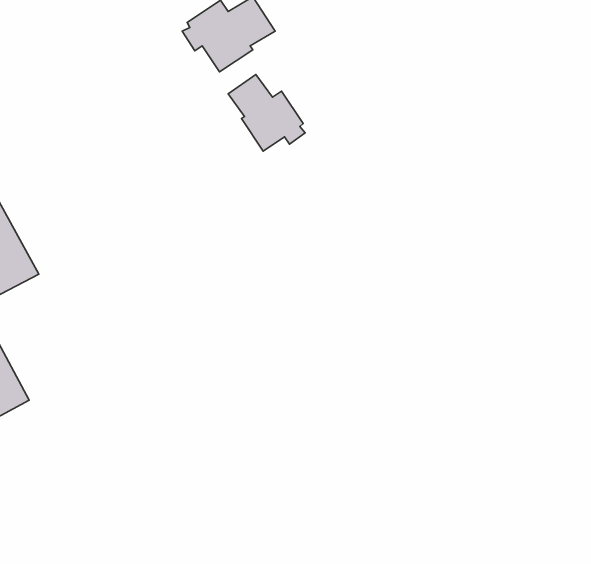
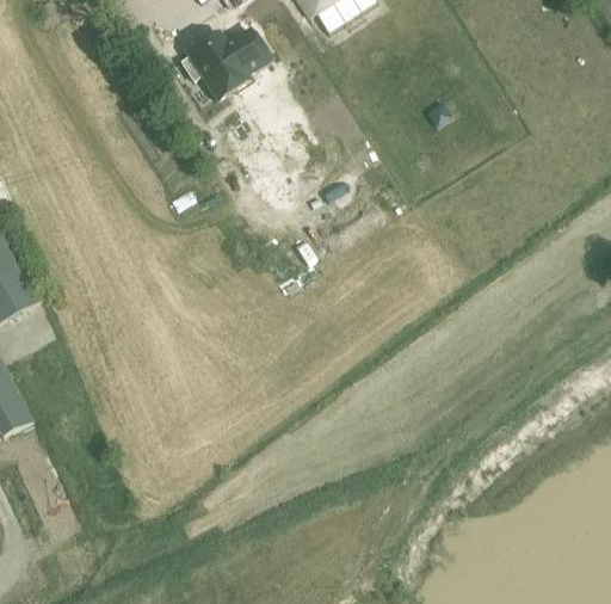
building: [228,75,305,151] -> none

